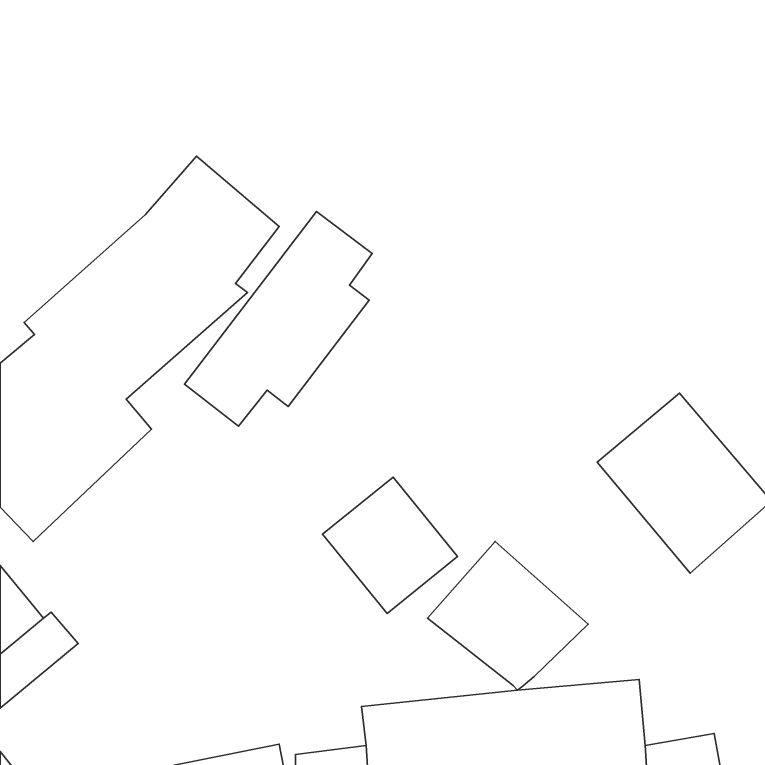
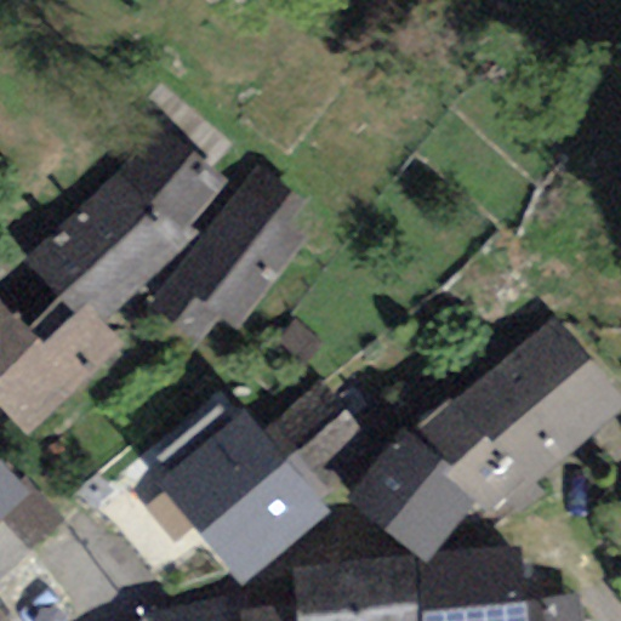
building: none -> [417,375,559,520]
building: none -> [155,414,327,588]

